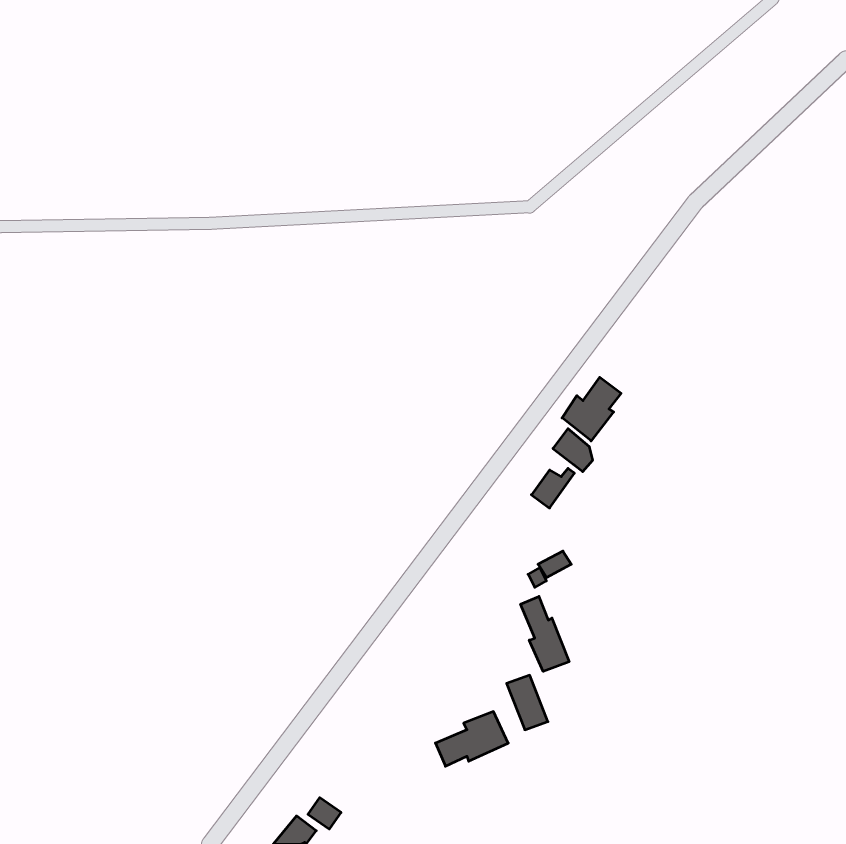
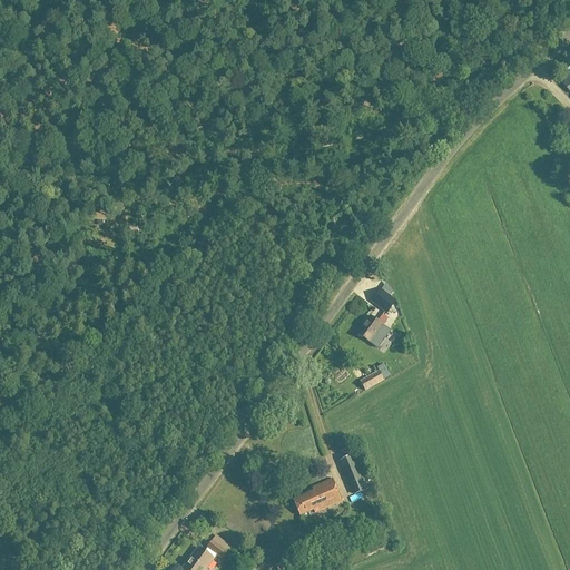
building: [562,377,621,441] -> none
building: [521,596,569,671] -> none

